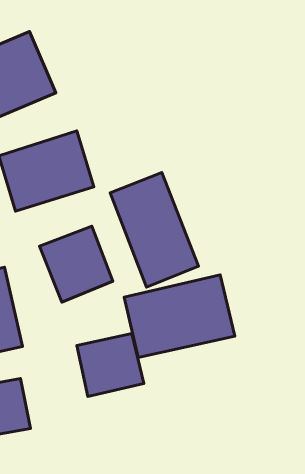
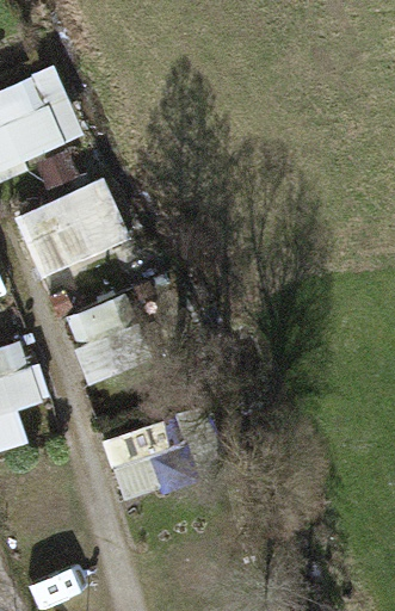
building: [110,173,198,287] -> none
building: [124,275,235,357] -> none

